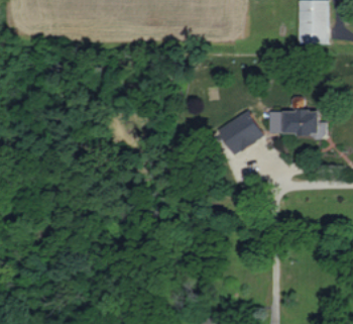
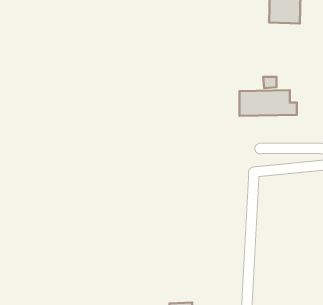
building: [217,111,263,155] -> none

